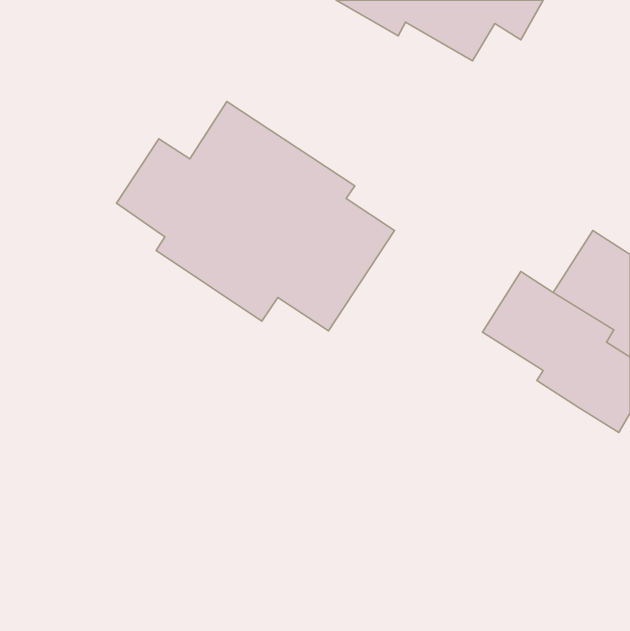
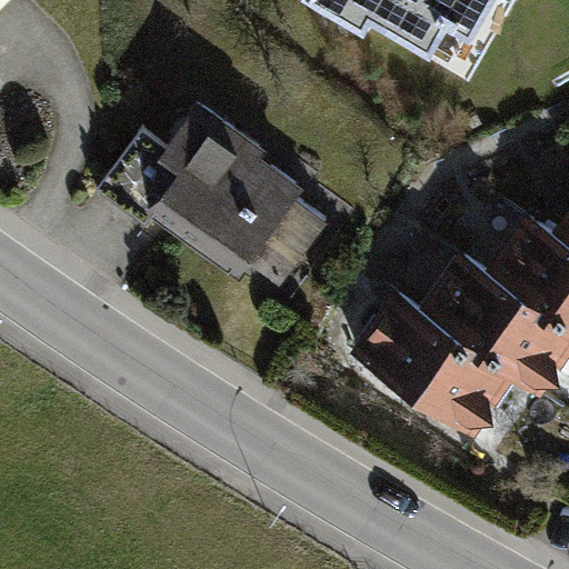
building: none -> [358,280,519,427]

